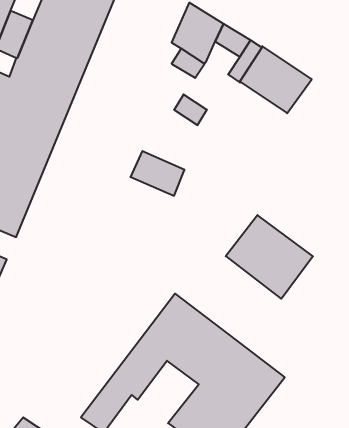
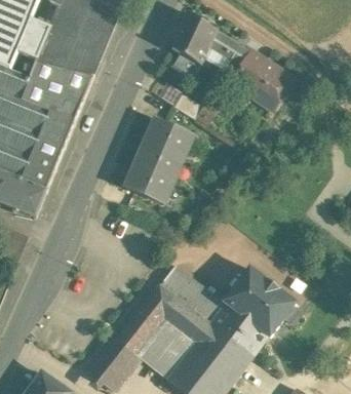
building: none -> [145,118,193,157]
building: none -> [124,163,172,202]
building: [226,215,313,299] -> [221,265,297,338]
building: none -> [141,323,194,378]

